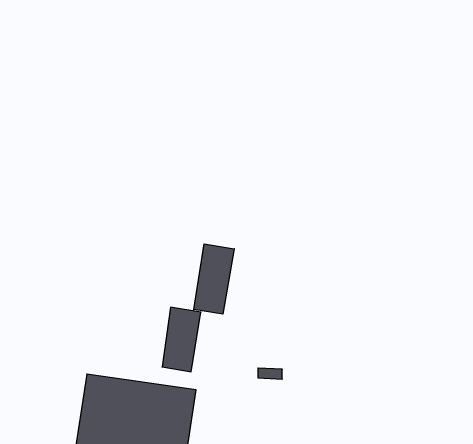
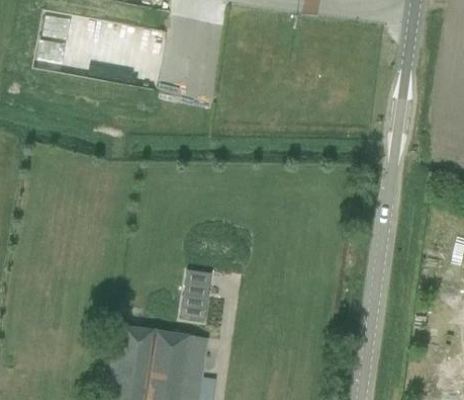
building: [194,244,234,314] -> none

